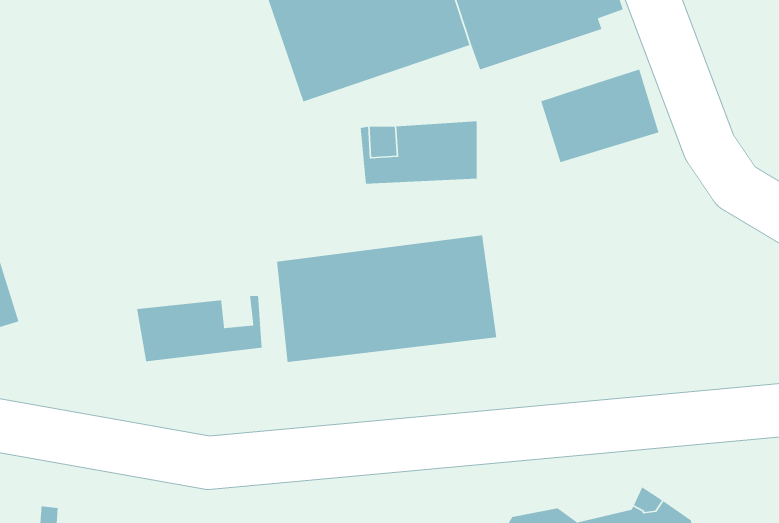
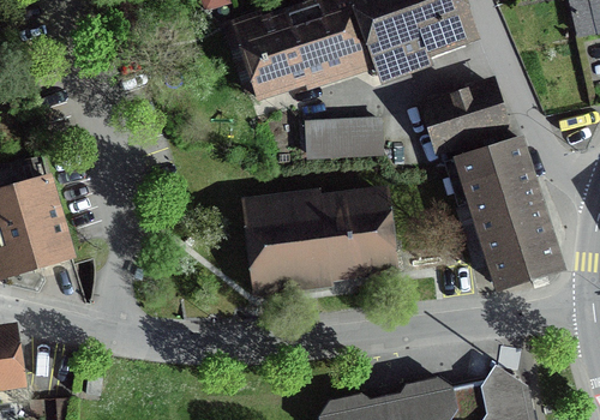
building: none -> [446,132,560,286]
building: [136,295,262,362] -> none

